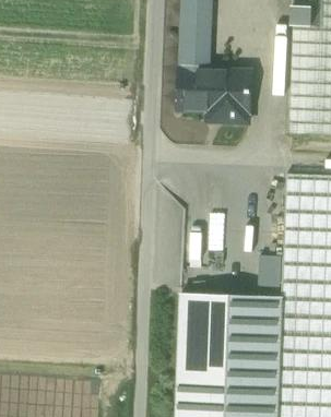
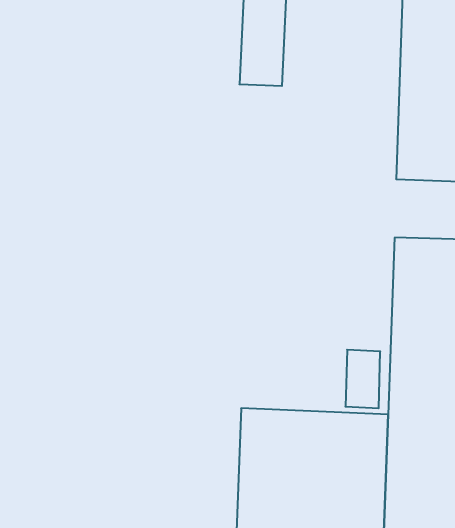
building: [177,70,251,124] -> none

